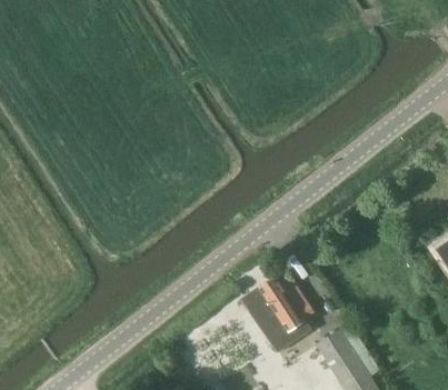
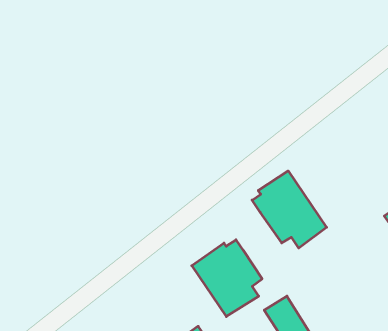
building: none -> [252,171,327,248]

